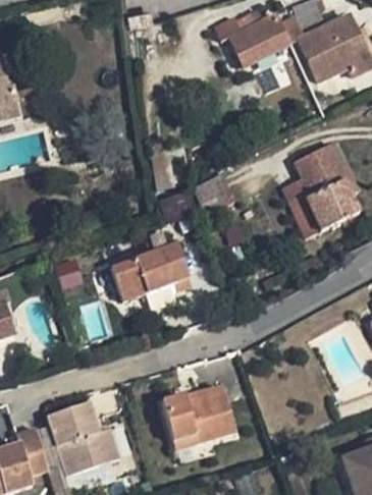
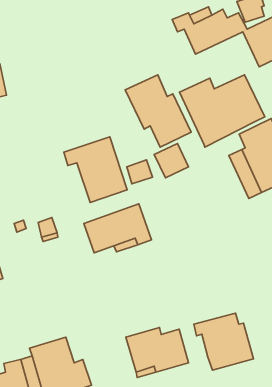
building: none -> [125,75,191,147]
building: none -> [180,75,265,147]
building: none -> [64,137,127,202]
building: none -> [194,313,253,370]

